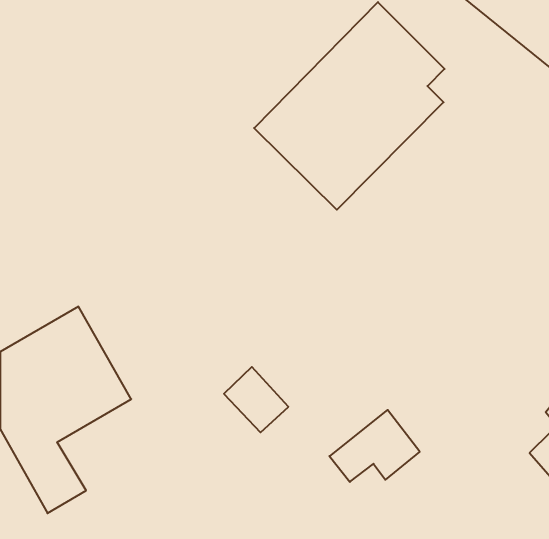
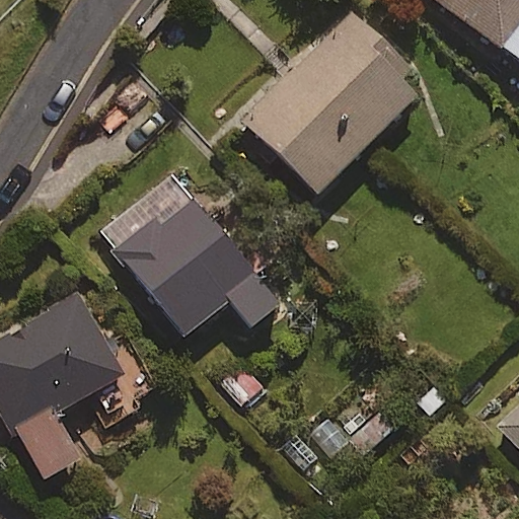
building: none -> [98,167,280,339]

